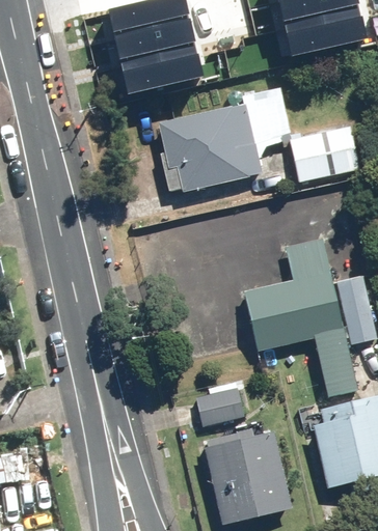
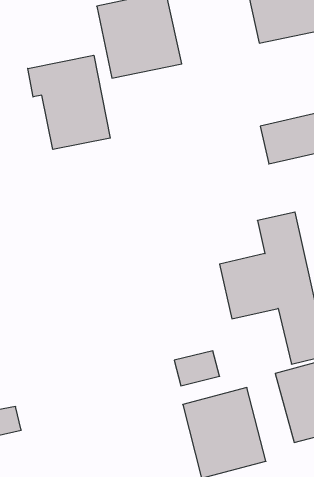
building: none -> [28,55,110,149]
building: [158,87,292,189] -> none

